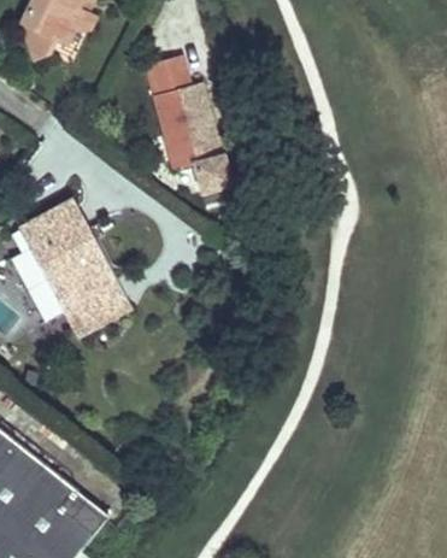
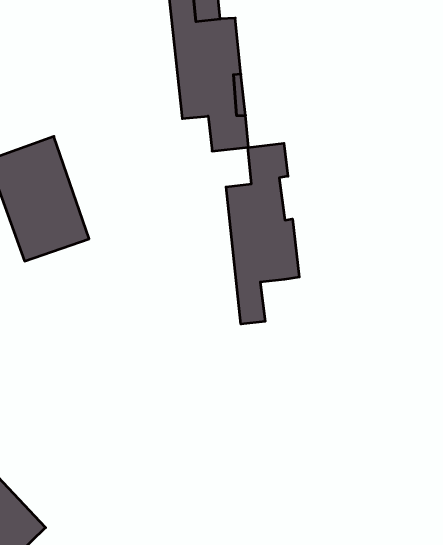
building: none -> [226,143,299,324]
building: [60,278,124,333] -> none

